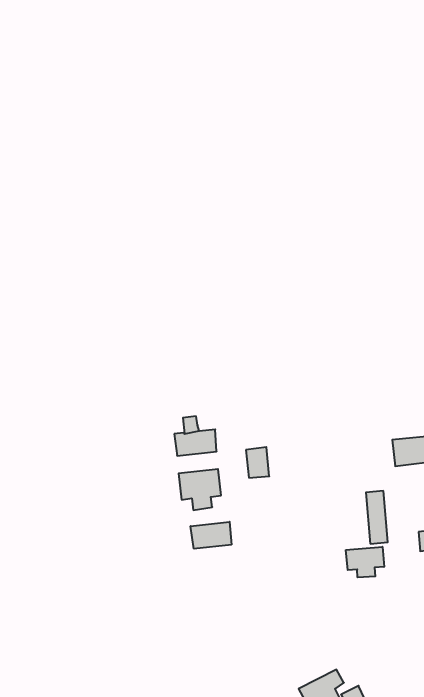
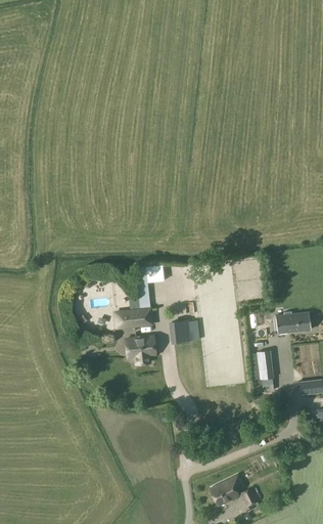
building: [191,522,231,549] -> none
building: [346,547,384,577] -> none

